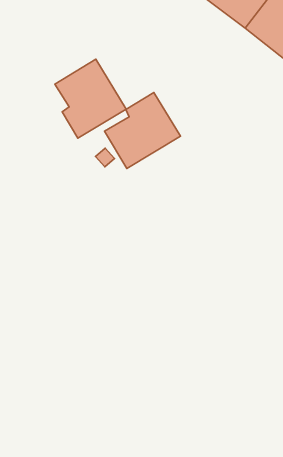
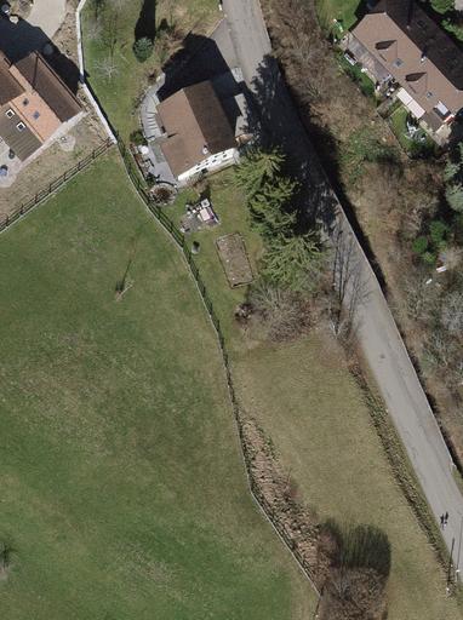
building: [104,92,181,169] -> none

